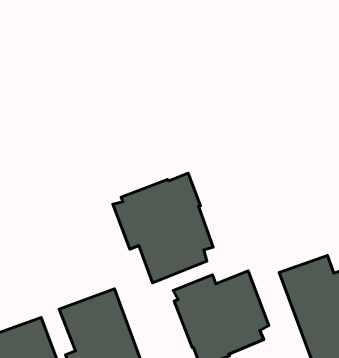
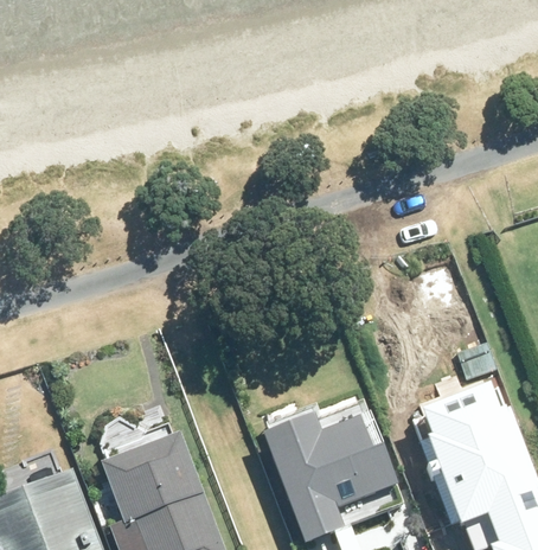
building: [113,173,213,283] -> none

